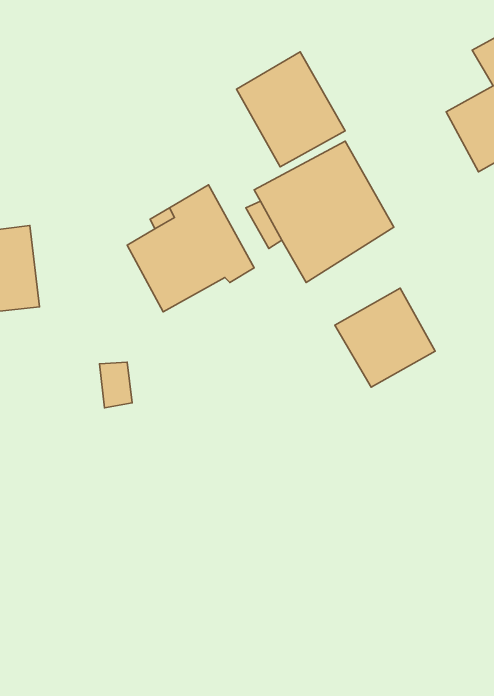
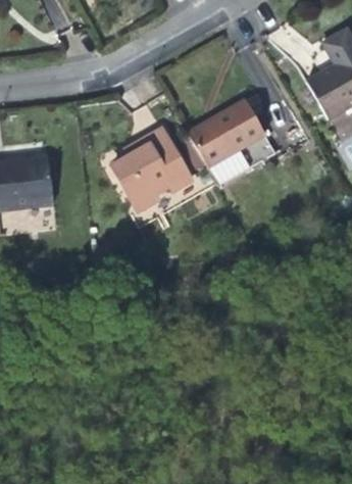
building: [237,52,345,167] -> none
building: [335,288,435,387] -> none

